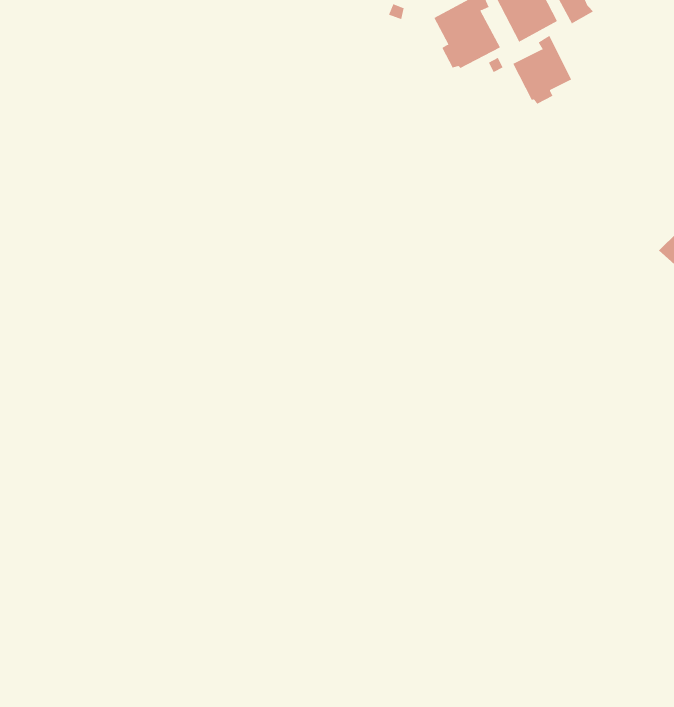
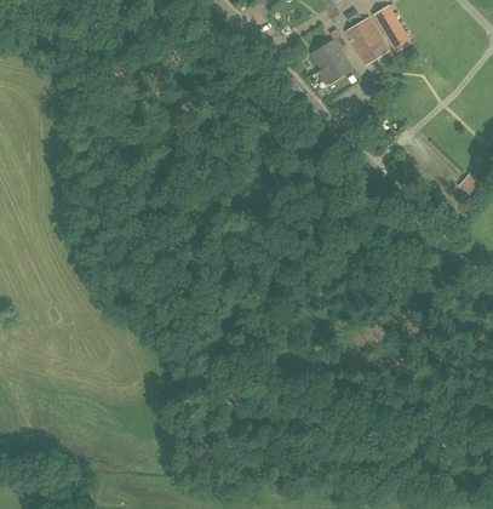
building: [513,35,572,104] -> none

